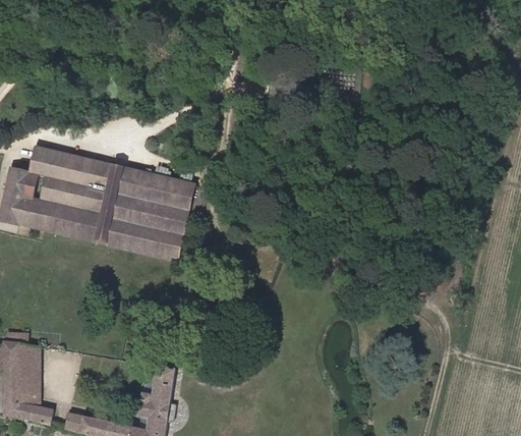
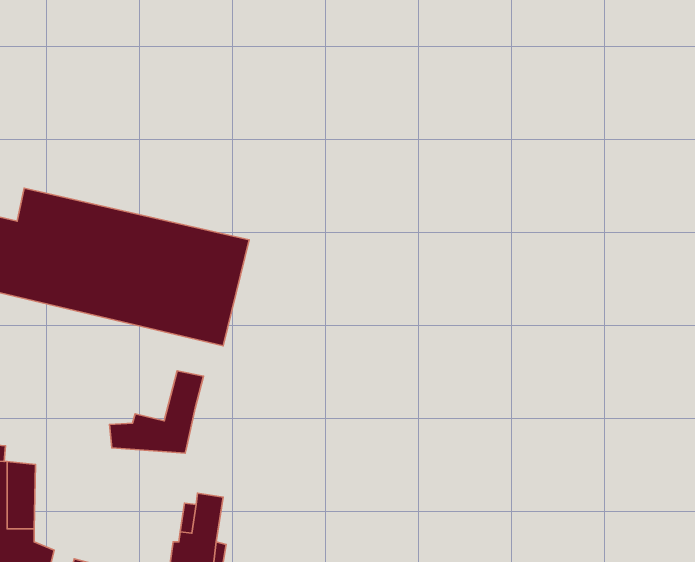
building: none -> [110,371,204,453]

